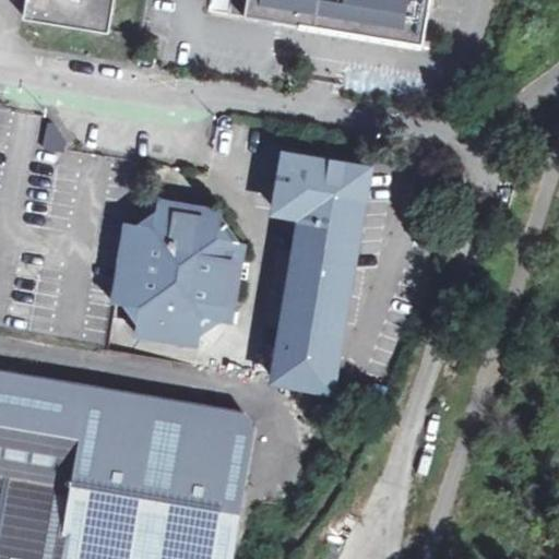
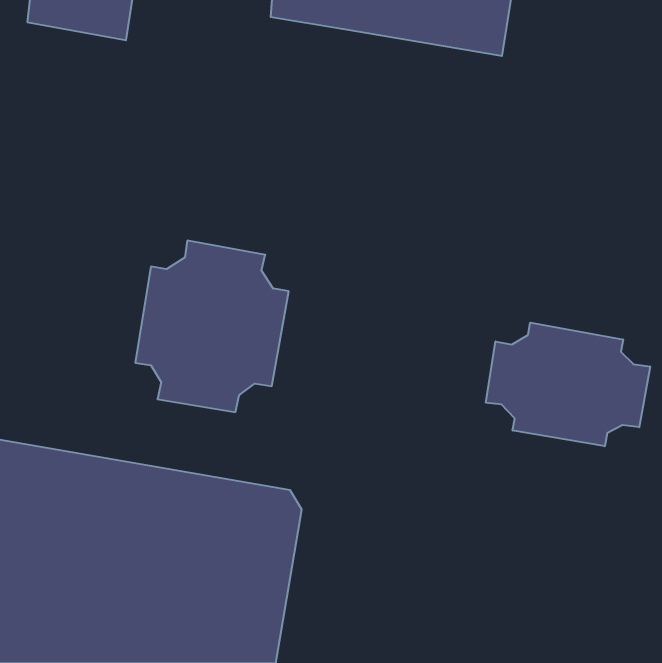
building: [273,158,367,392] -> none
building: none -> [486,323,650,446]

